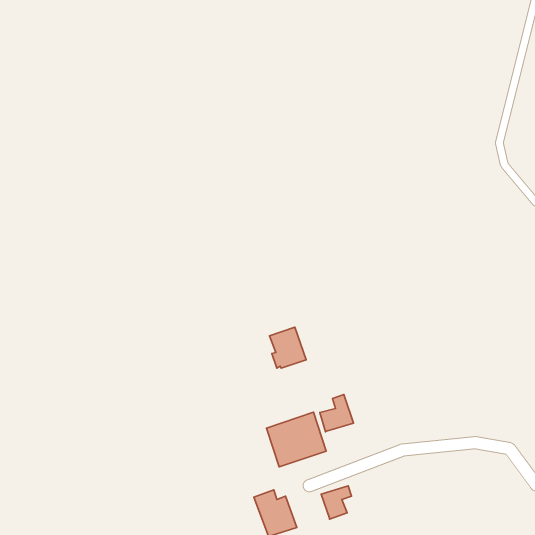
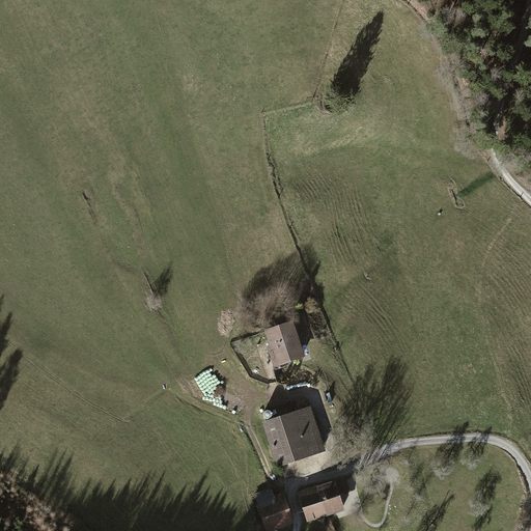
building: [320,395,353,432] -> none
building: none -> [301,490,327,520]

